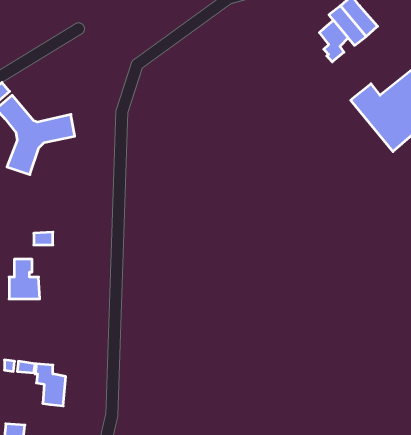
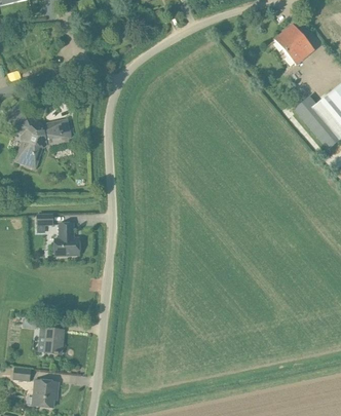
building: [319,20,348,62] -> none
building: [9,259,40,299] -> [55,221,80,253]

